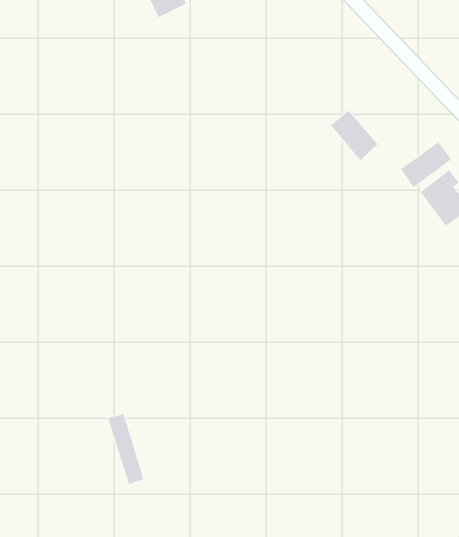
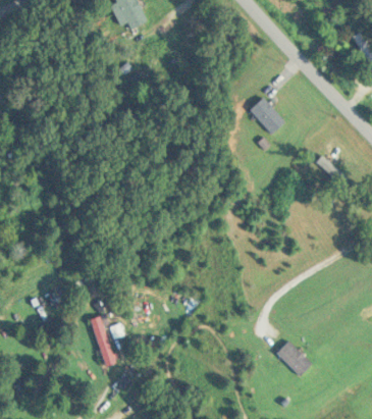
building: [401,141,452,188] -> none
building: none -> [276,341,312,376]

